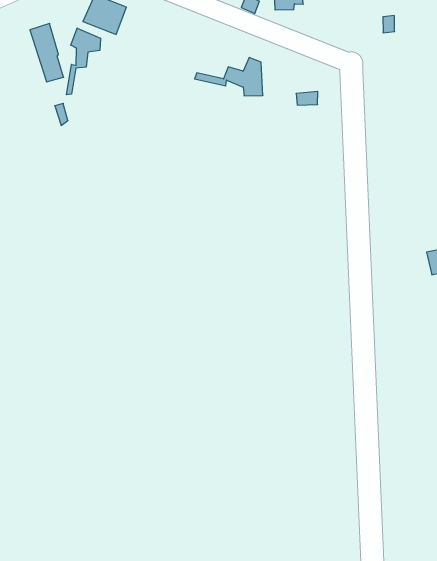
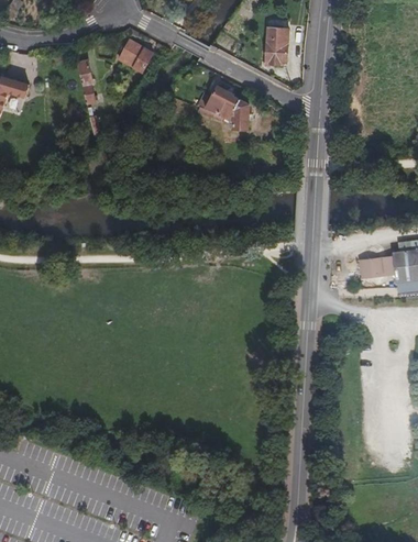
building: [66,28,100,95] -> none
building: none -> [198,86,241,114]

